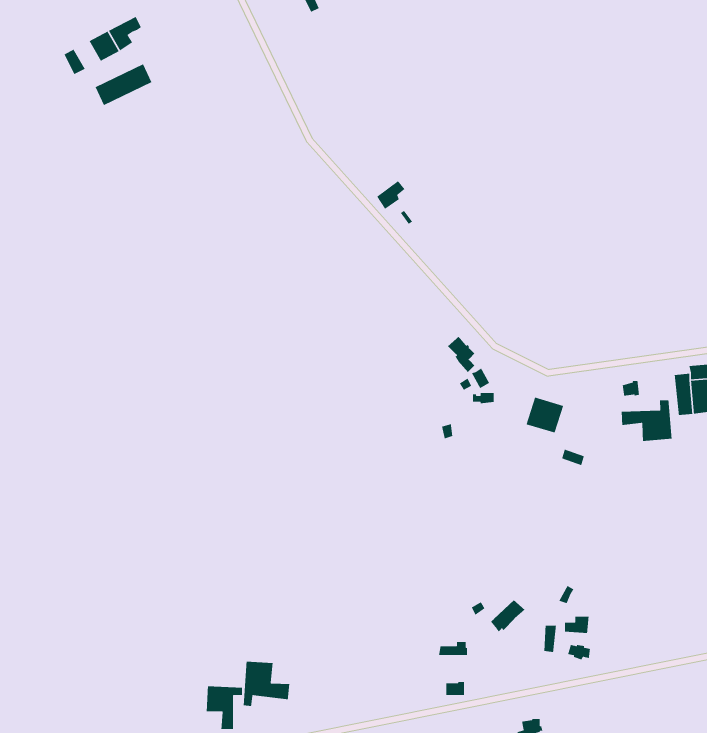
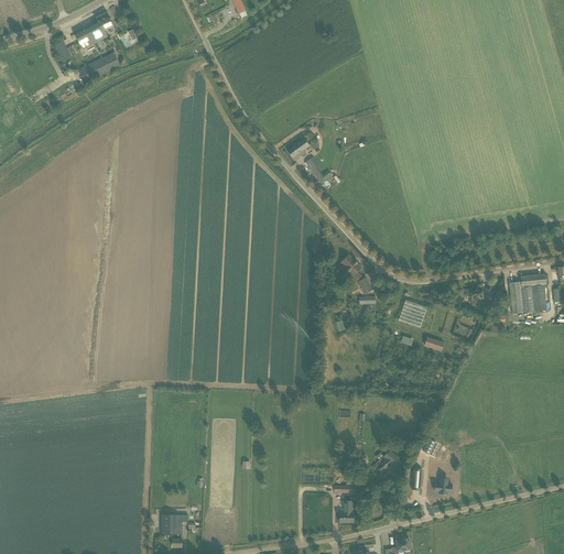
building: [621,399,672,442] -> none
building: [243,661,290,707] -> none

